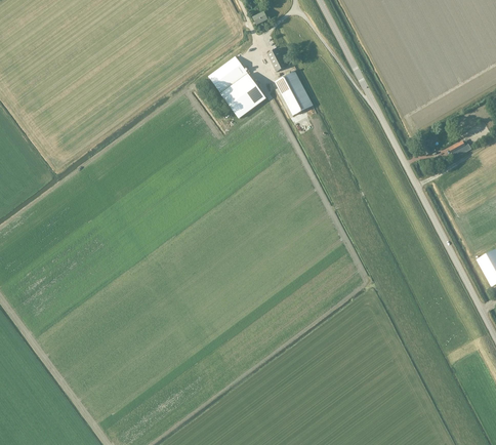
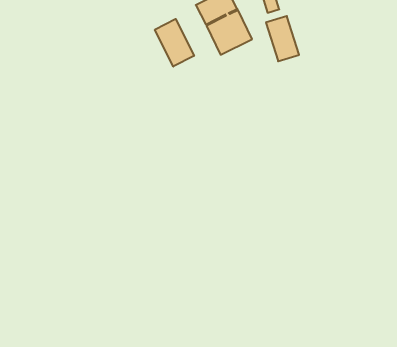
building: none -> [155,19,194,67]

